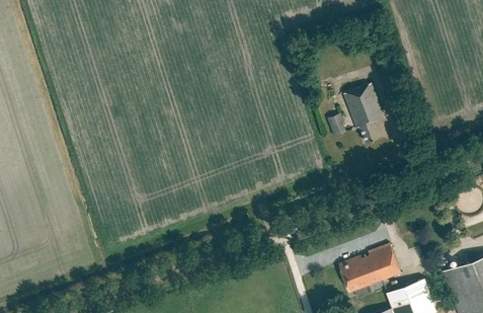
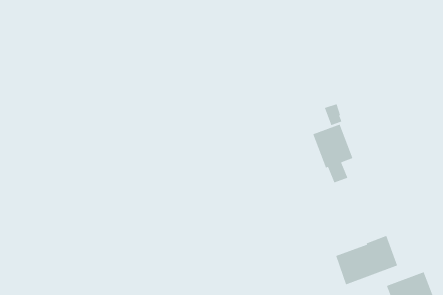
building: [342,85,383,144] -> [312,123,354,183]

